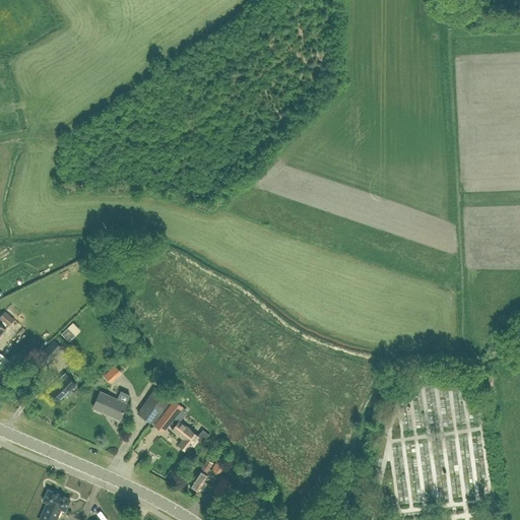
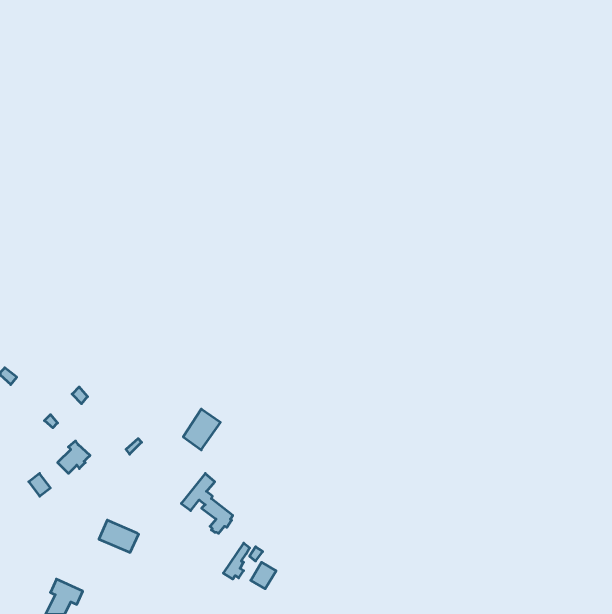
building: [138,389,170,424] -> [183,409,220,450]
building: [93,391,127,418] -> [99,520,139,552]

